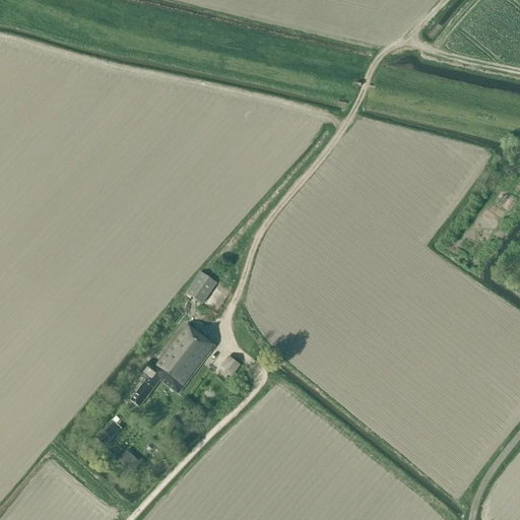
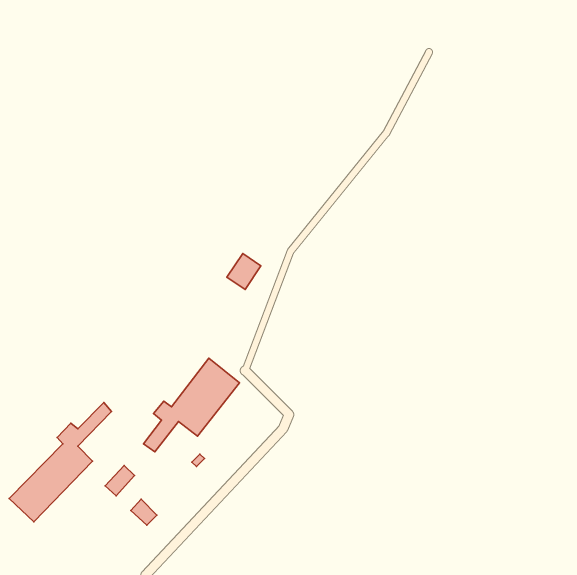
building: [186,270,216,303] -> [227,253,261,290]
building: none -> [9,402,112,522]

